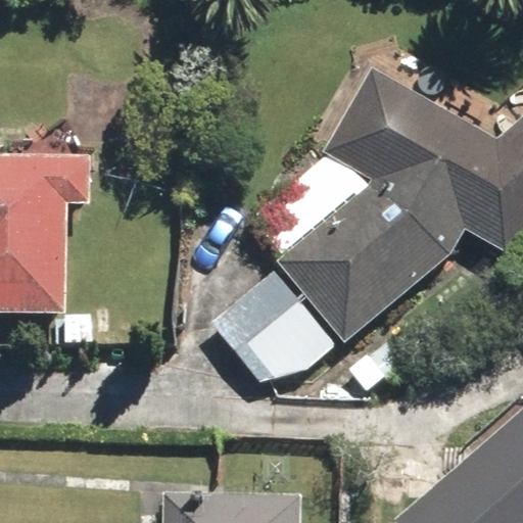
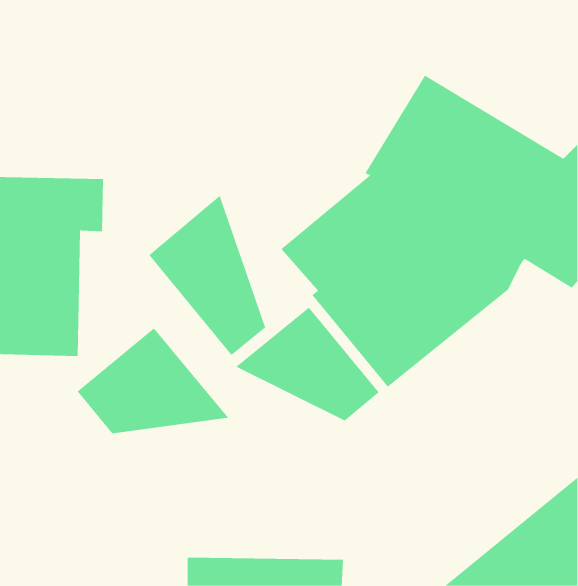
building: none -> [148,195,266,356]
building: none -> [77,328,229,434]

